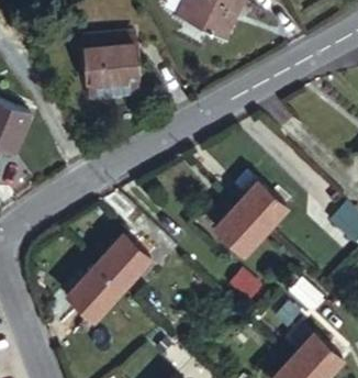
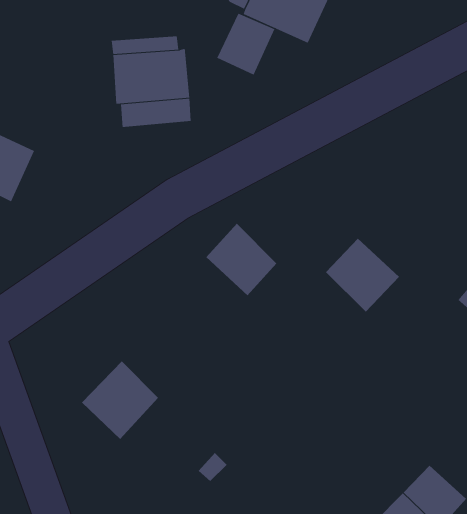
building: none -> [217,13,275,75]
building: [214,203,265,255] -> [206,223,277,296]
building: [92,236,148,292] -> none

